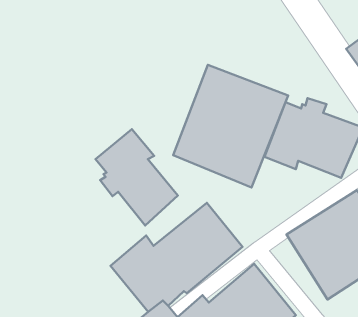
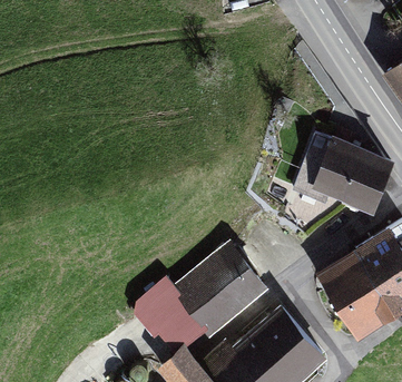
building: [173,65,288,188] -> none
building: [95,129,178,226] -> none

